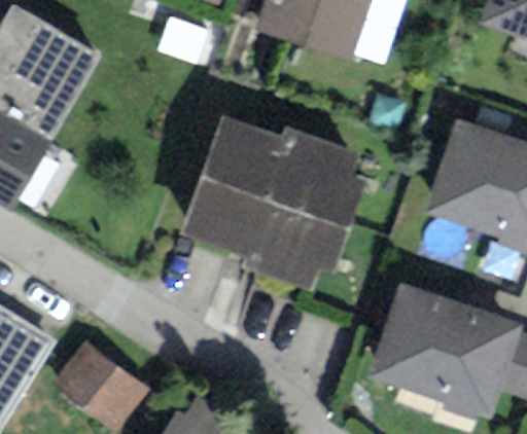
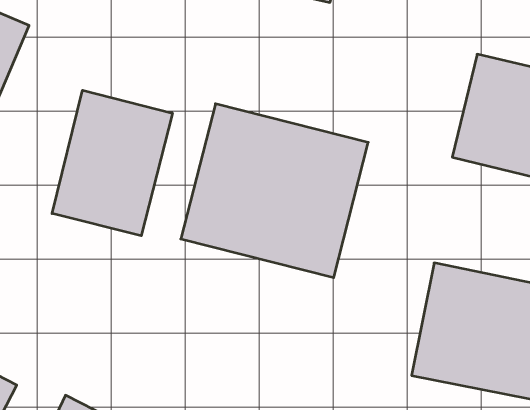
building: none -> [52,90,172,236]

